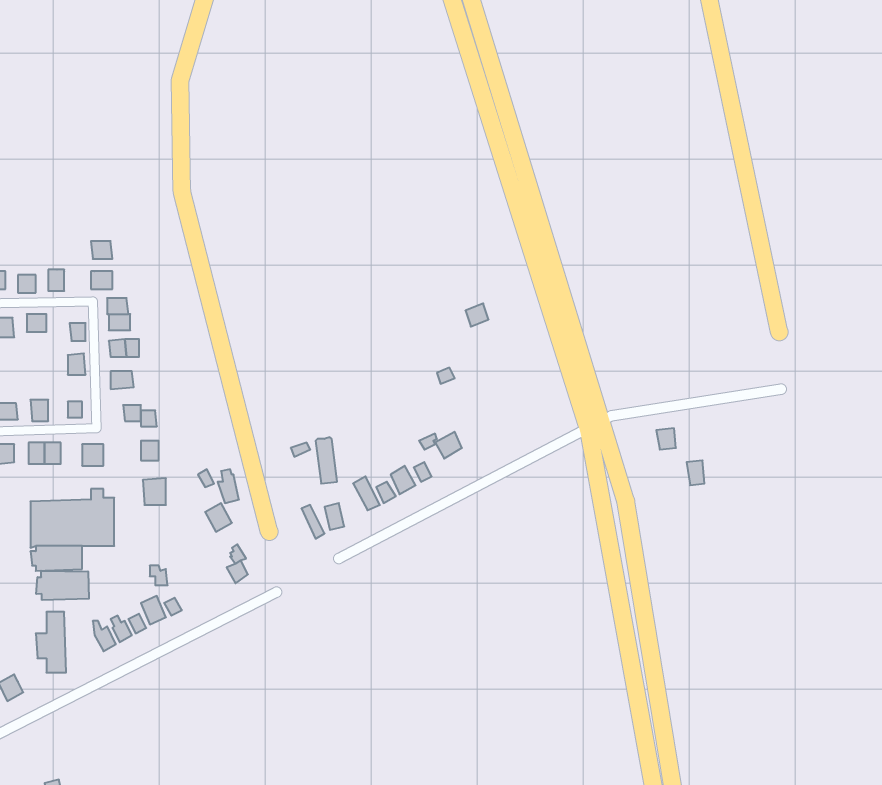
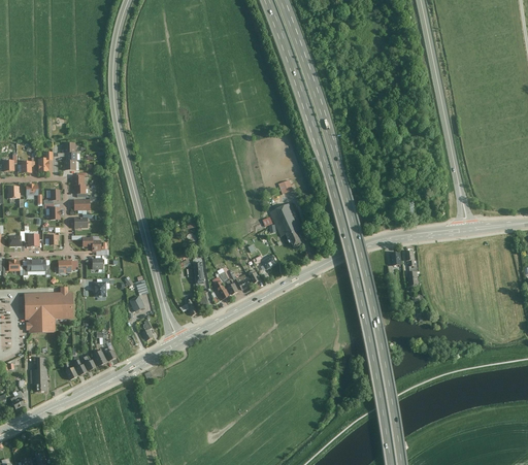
building: none -> [270,201,302,248]
building: [36,571,89,600] -> none

